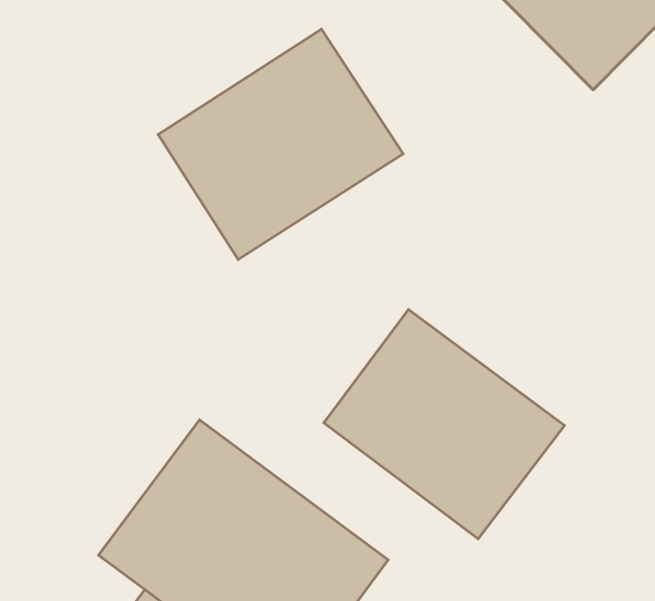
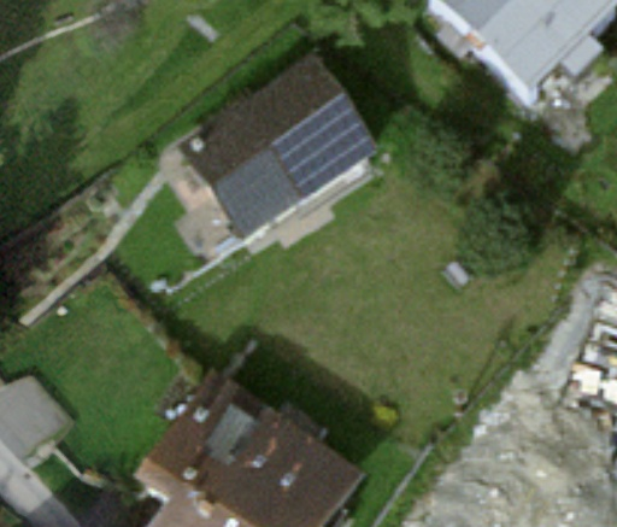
building: [324,310,564,539] -> none

